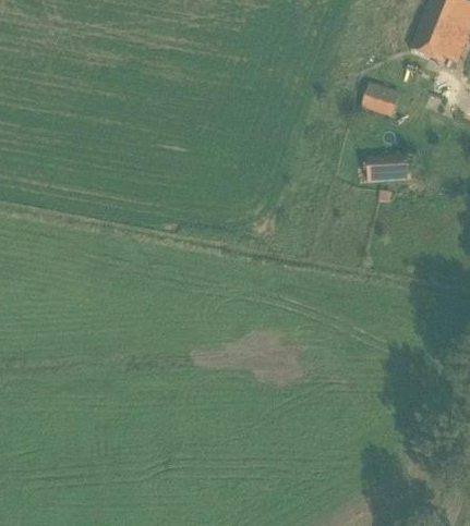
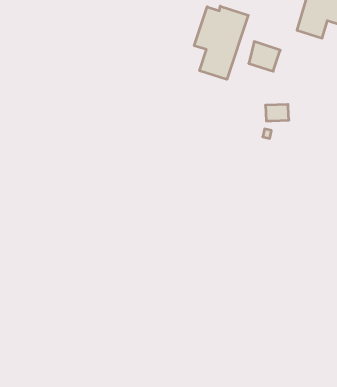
building: none -> [194,6,248,79]

